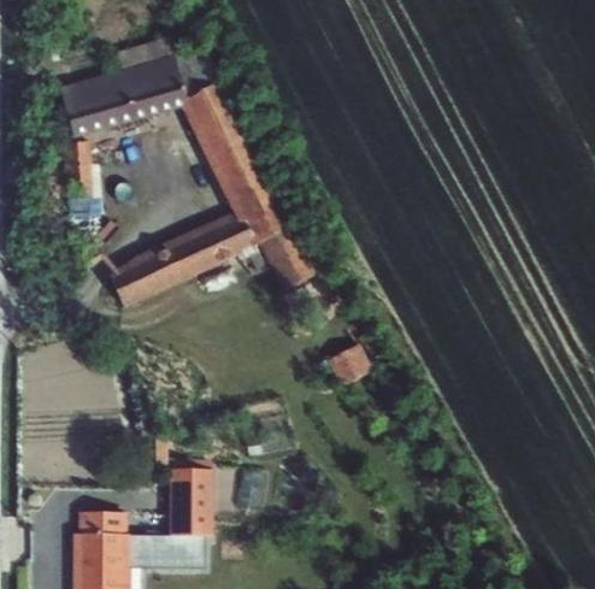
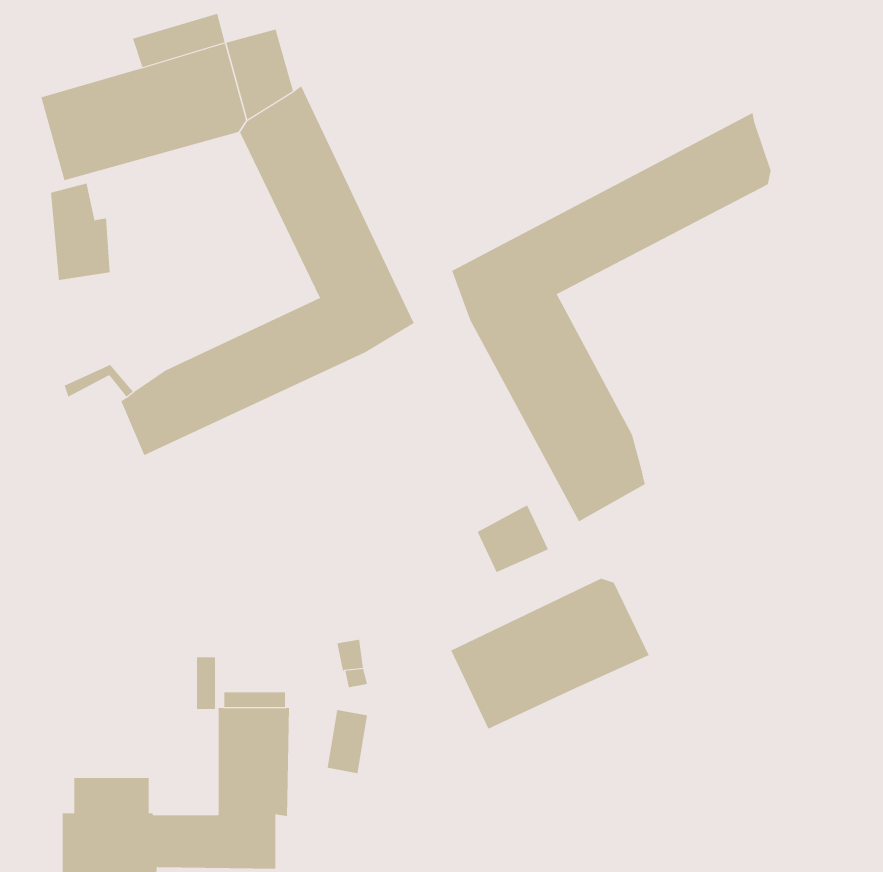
building: none -> [452,112,771,522]
building: [260,230,316,294] -> none
building: none -> [451,578,649,729]

